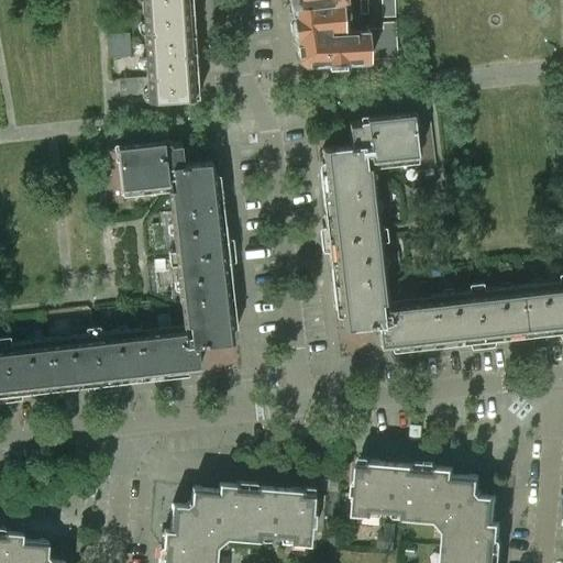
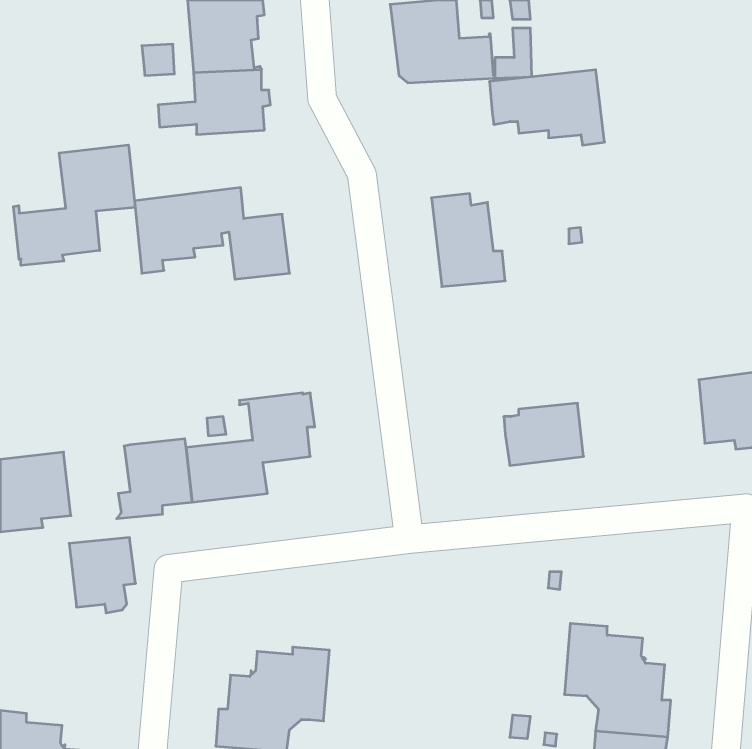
building: none -> [13,145,135,265]
building: [350,117,435,173] -> [489,70,605,145]
building: [170,208,232,302] -> none
building: [324,213,386,332] -> none
building: [431,287,527,349] -> none
building: [49,336,99,393] -> [69,538,136,613]
building: [355,463,427,521] -> none
building: [243,488,316,547] -> none

